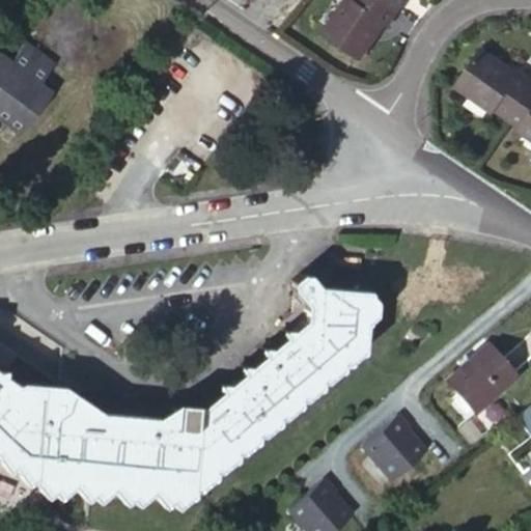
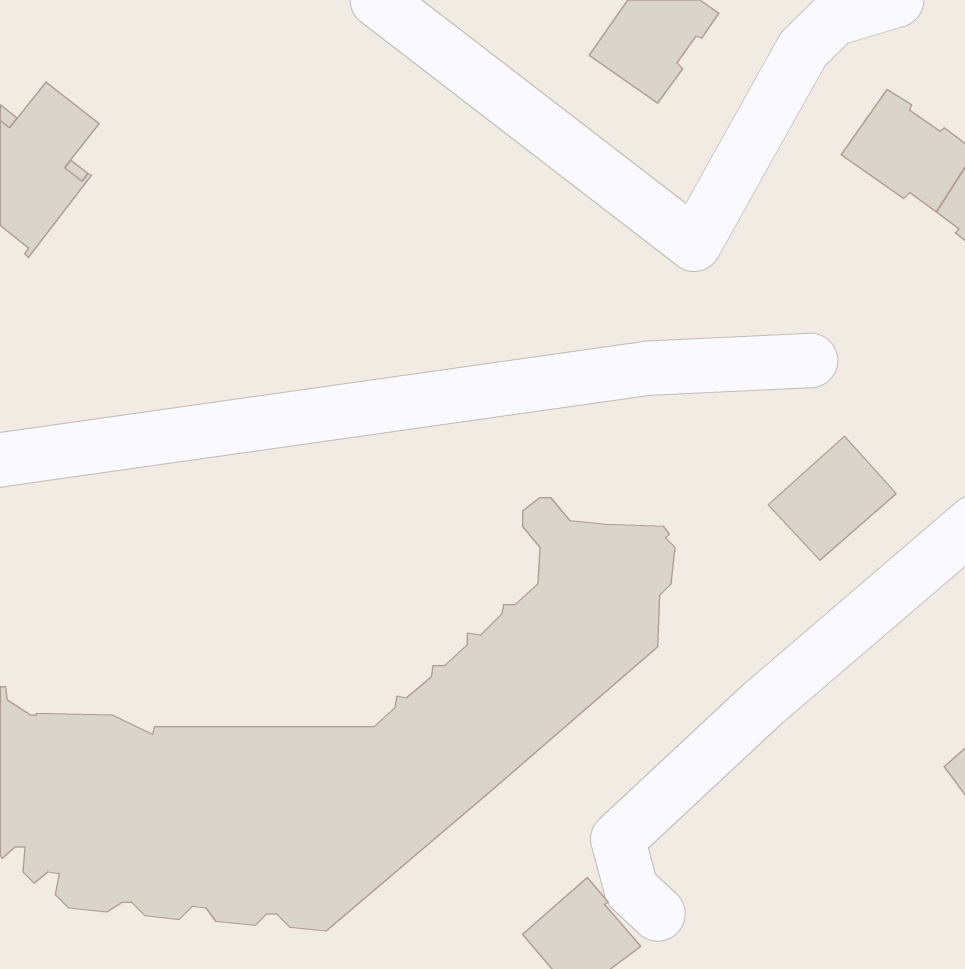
building: [449,348,519,416] -> [768,436,896,560]
building: [363,417,427,483] -> none

